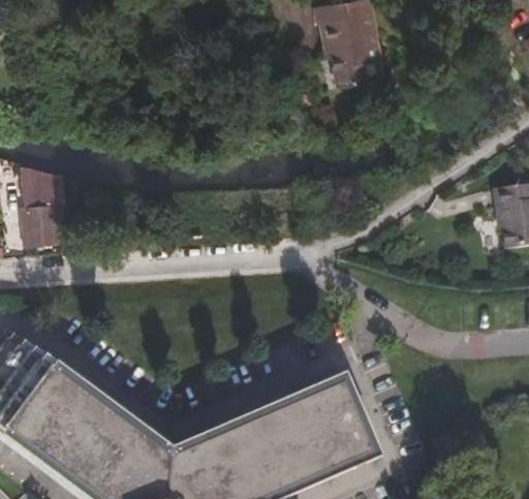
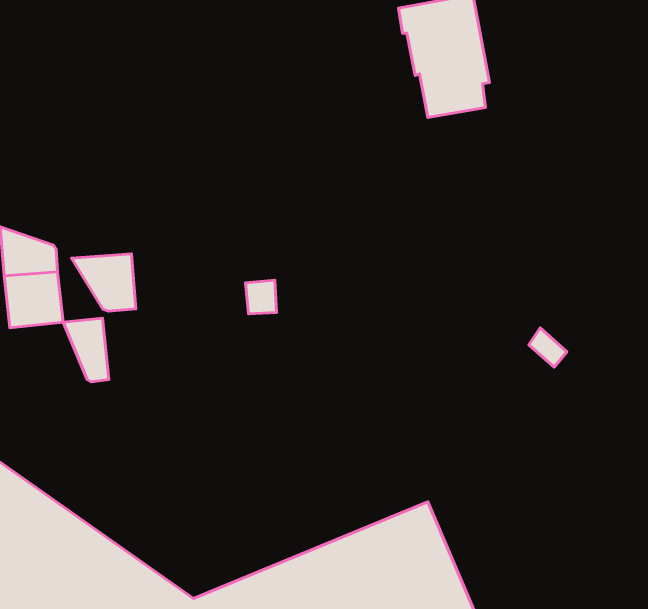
building: none -> [72,254,136,311]
building: none -> [63,318,109,382]

